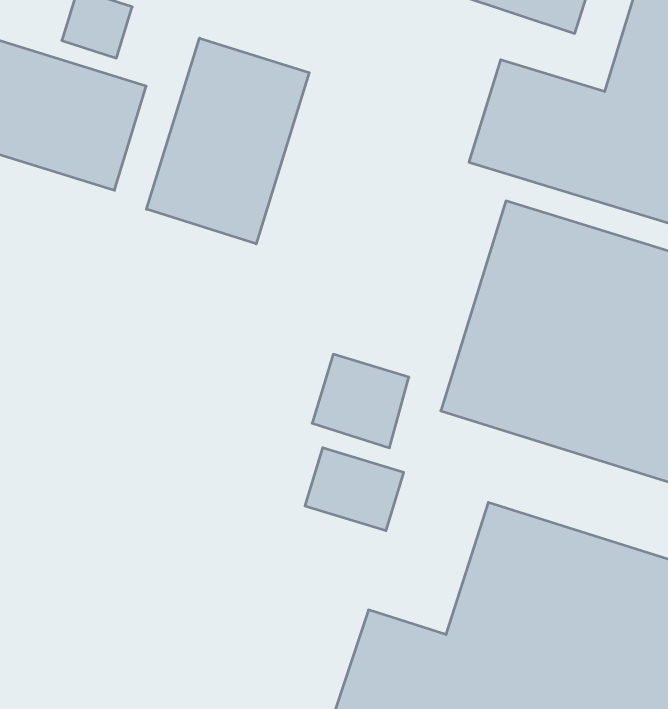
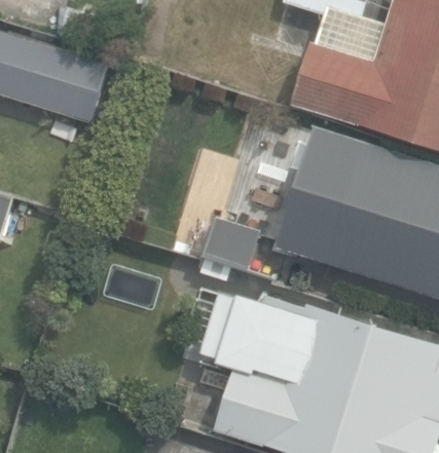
building: [146,38,309,244] -> none

